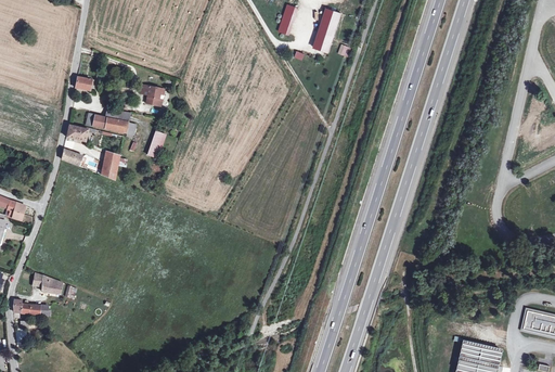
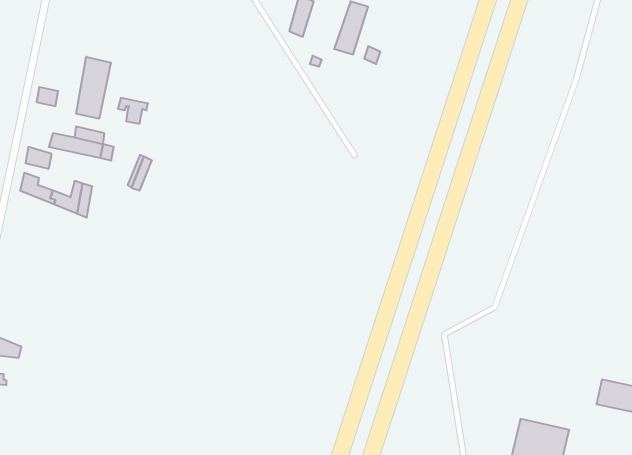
building: none -> [76,57,111,119]

